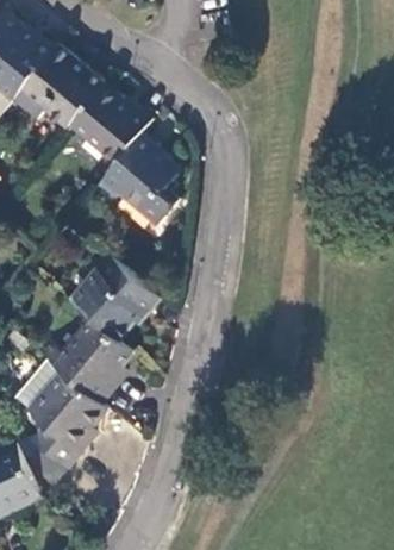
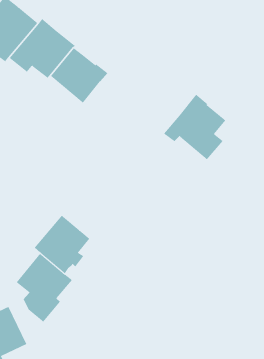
building: [95,135,182,226] -> [163,94,226,160]
building: [65,256,155,339] -> none

